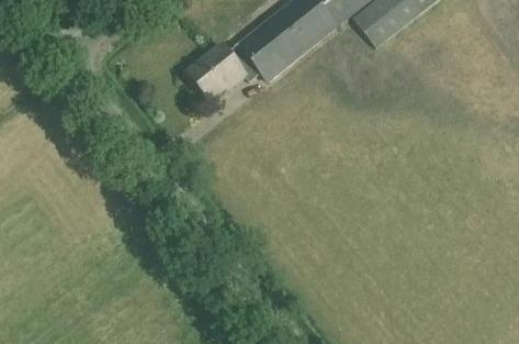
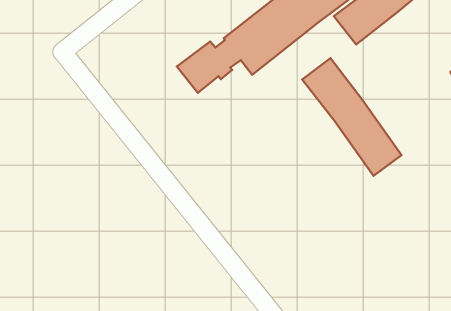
building: none -> [302,58,401,176]

